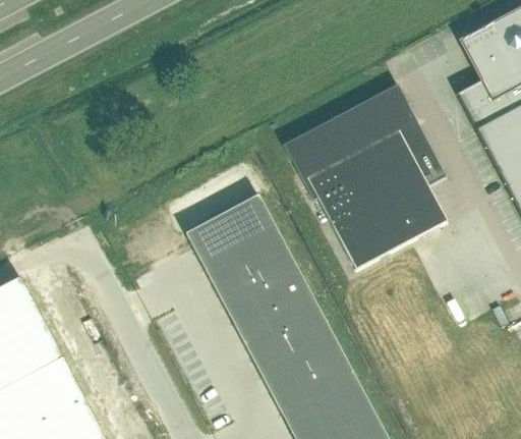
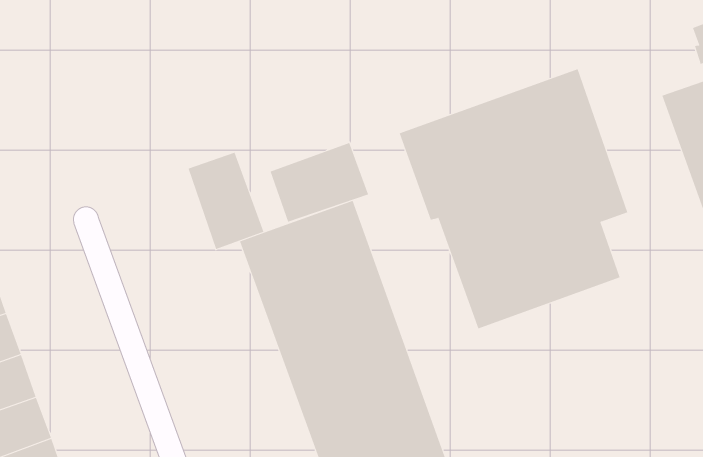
building: none -> [270,142,369,223]
building: none -> [188,152,264,250]

